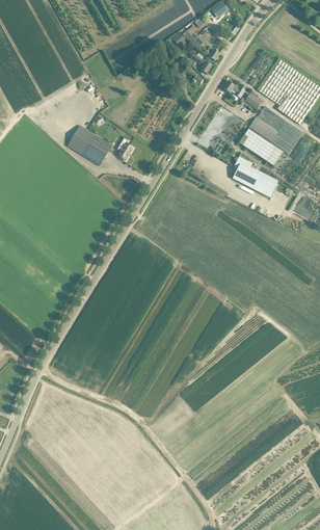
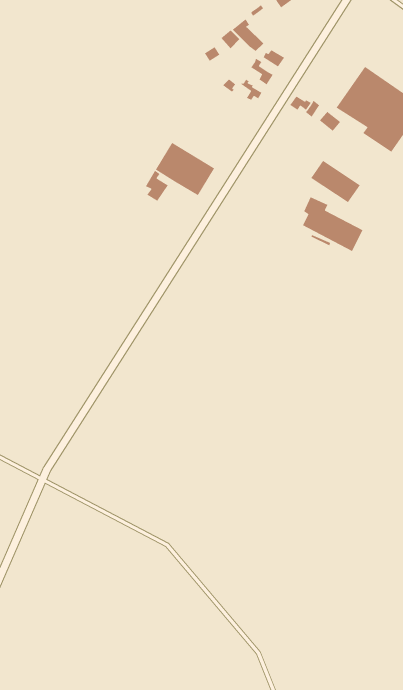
building: [249,106,303,155] -> none
building: [68,125,112,165] -> [155,142,215,196]

